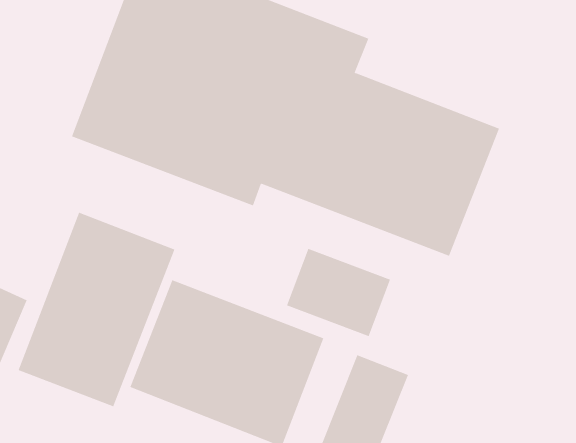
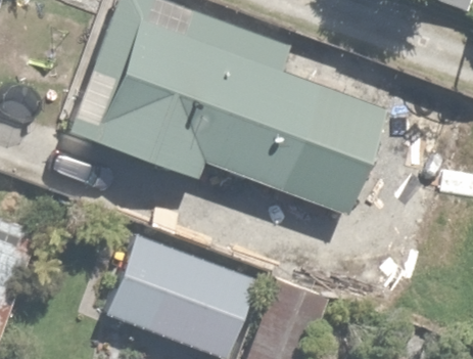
building: [18,212,175,407] -> none

